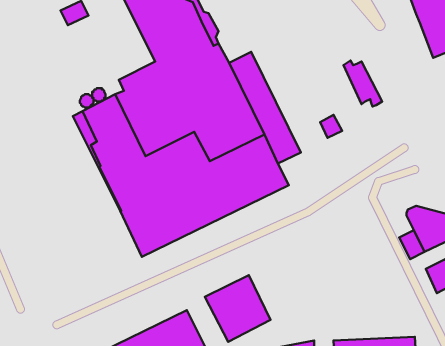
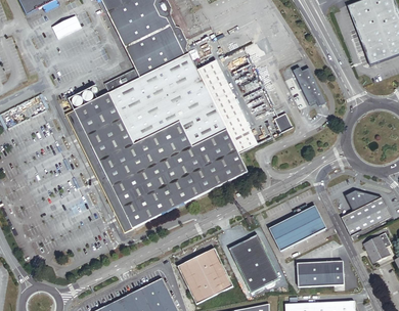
building: none -> [269,205,326,251]
building: none -> [228,234,279,293]
building: none -> [297,261,344,286]

